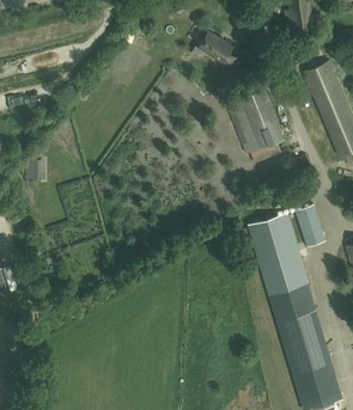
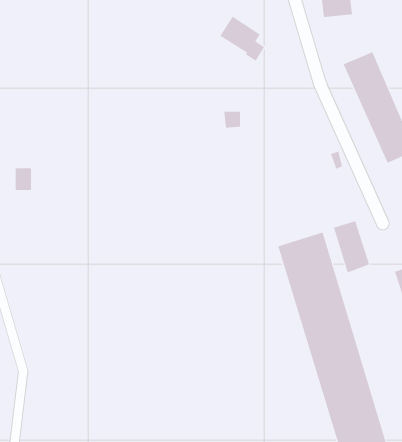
building: [225,88,284,154] -> none

